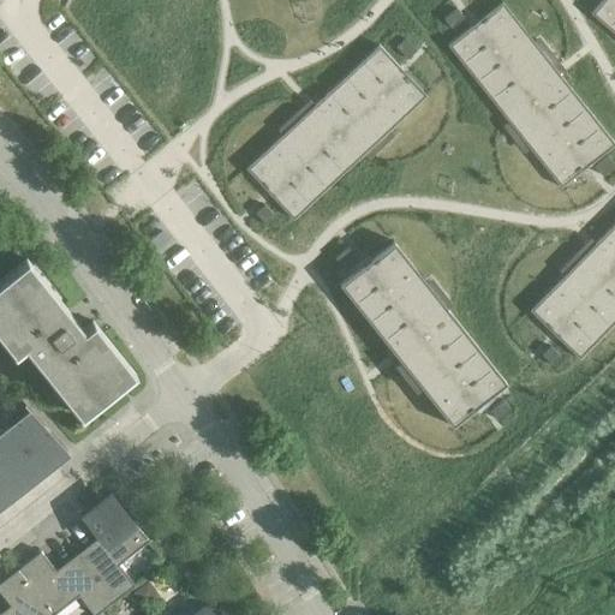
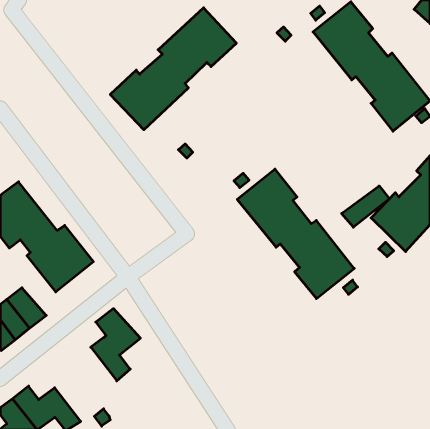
building: [245,47,425,221] -> [110,8,236,130]
building: none -> [342,186,390,227]
building: [78,500,149,603] -> [91,309,140,381]

